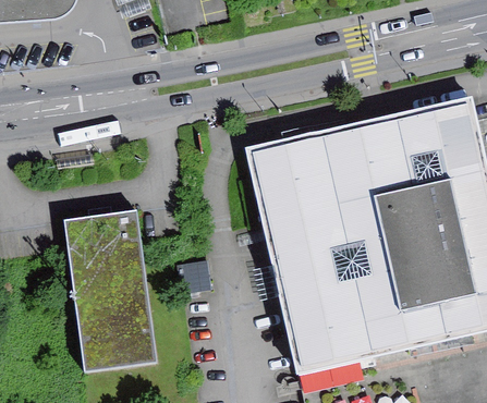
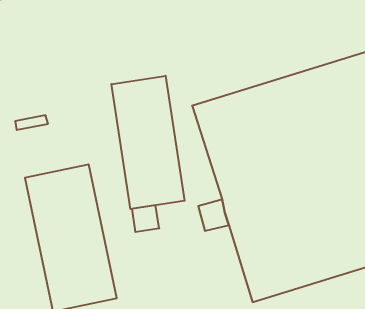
building: none -> [111,76,185,209]

